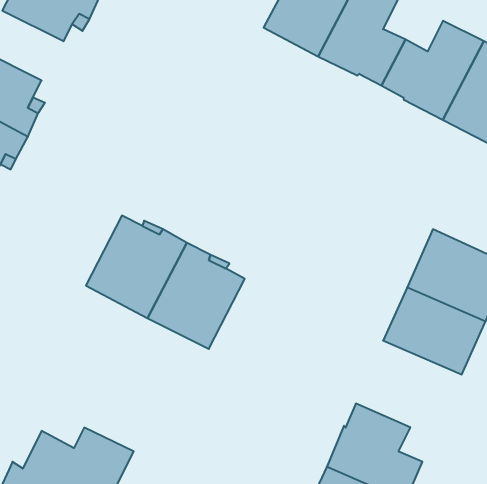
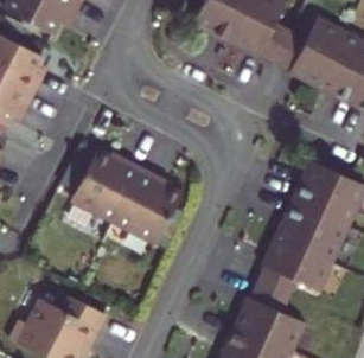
building: none -> [256,238,330,299]

